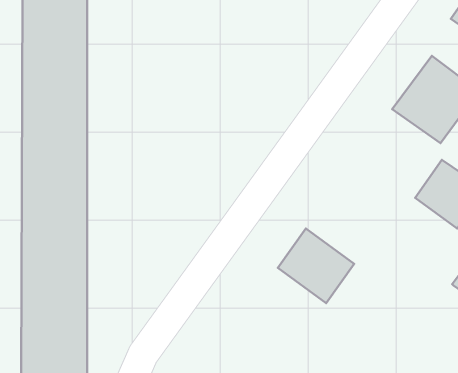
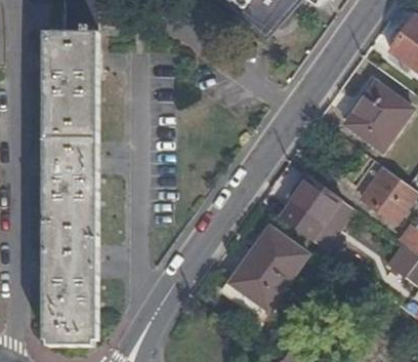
building: none -> [287,175,351,252]
building: none -> [220,252,288,317]

